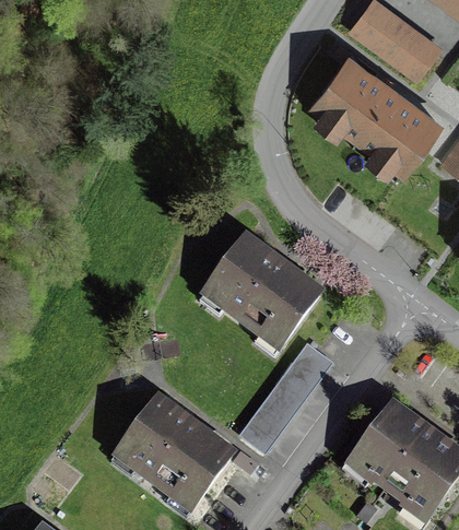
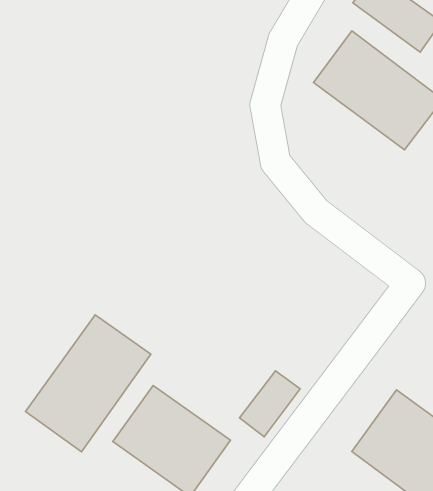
building: [203,239,318,350] -> none
building: none -> [25,315,151,452]
building: [274,343,332,405] -> none

